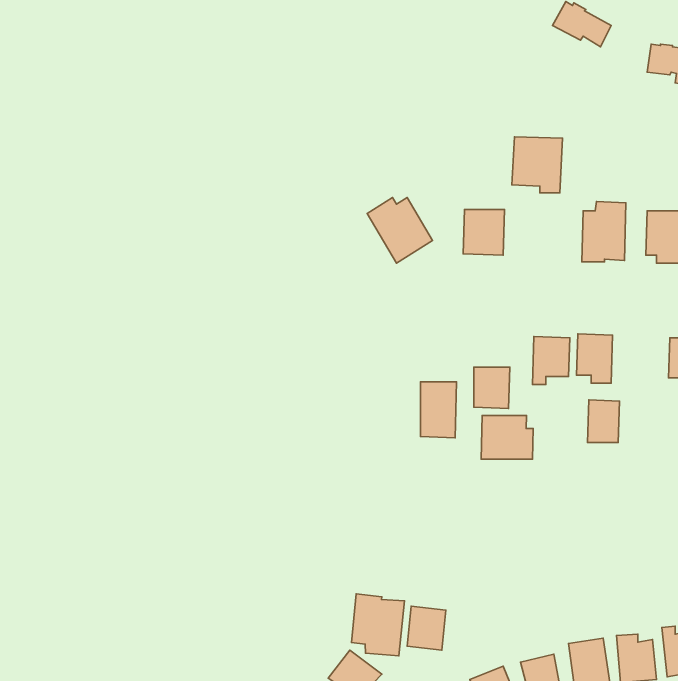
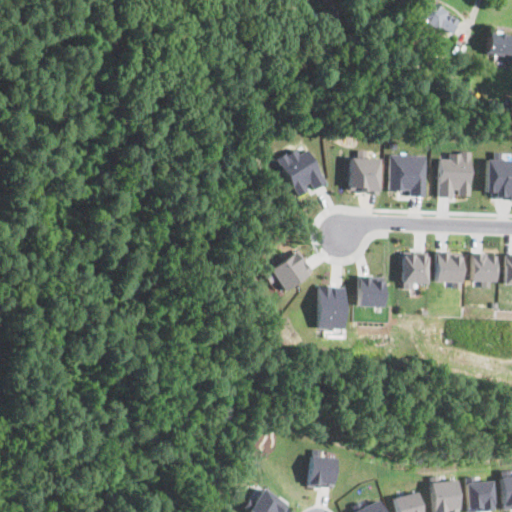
building: [512,137,562,193] -> [389,154,427,196]
building: none -> [270,251,313,291]
building: [588,400,620,442] -> [471,253,495,285]
building: [481,415,533,459] -> none
building: [352,594,404,656] -> none

